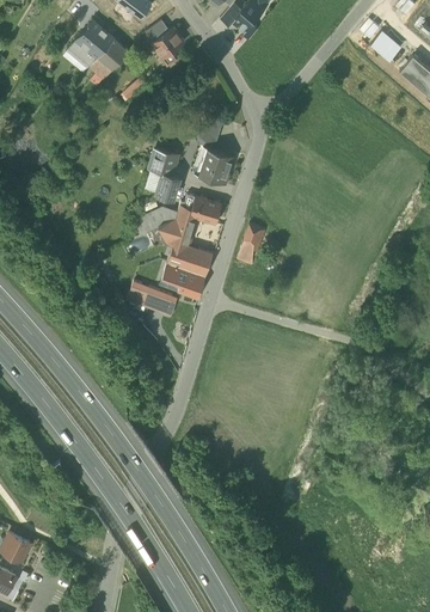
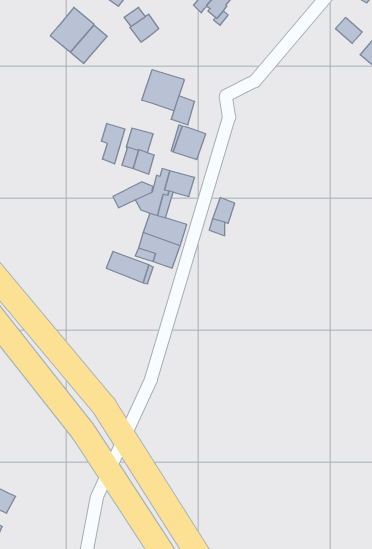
building: none -> [142,70,184,111]
building: none -> [101,123,125,164]

